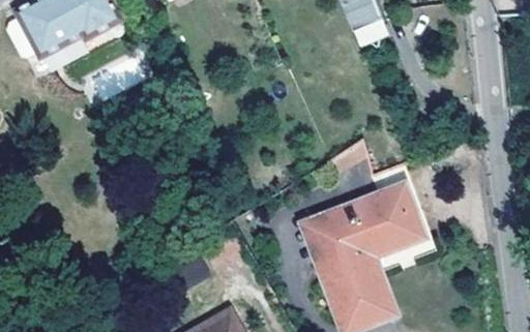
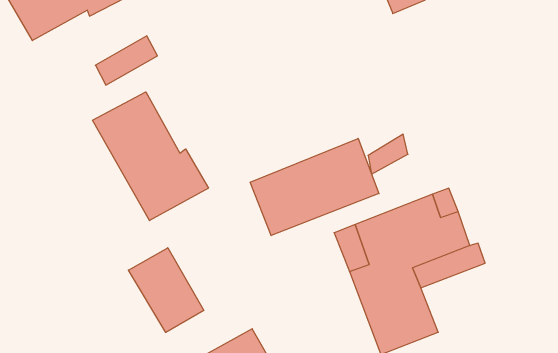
building: none -> [93,92,208,221]
building: none -> [250,138,379,236]
building: none -> [128,248,204,332]

